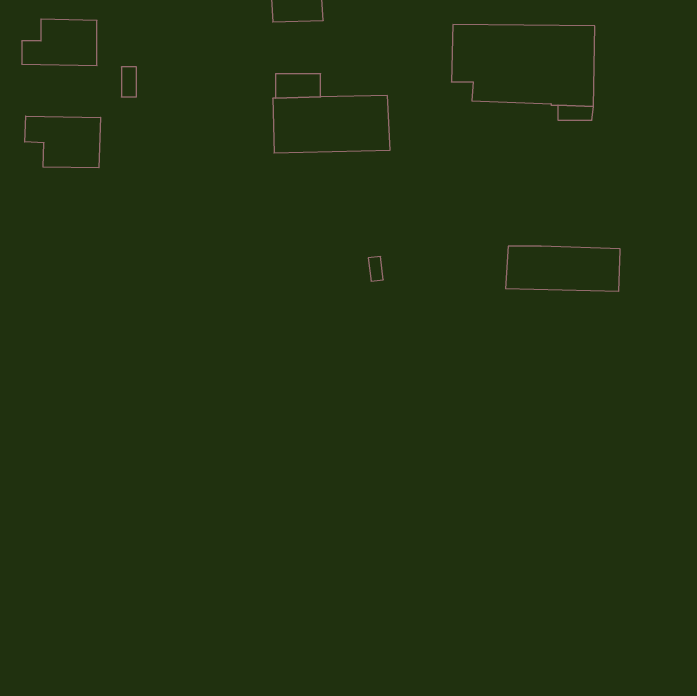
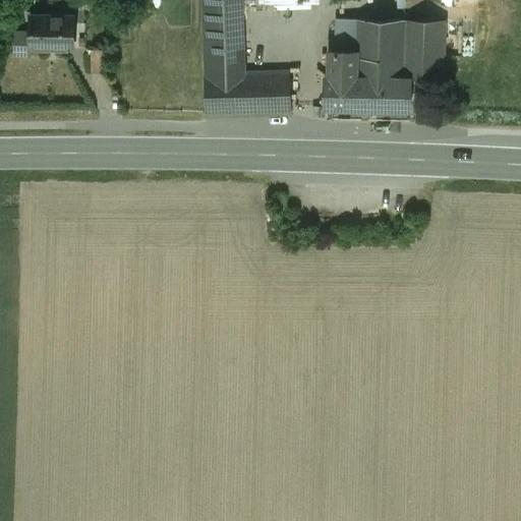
building: none -> [204,15,242,55]
building: [25,116,101,168] -> none
building: [506,246,620,291] -> [326,75,411,109]

